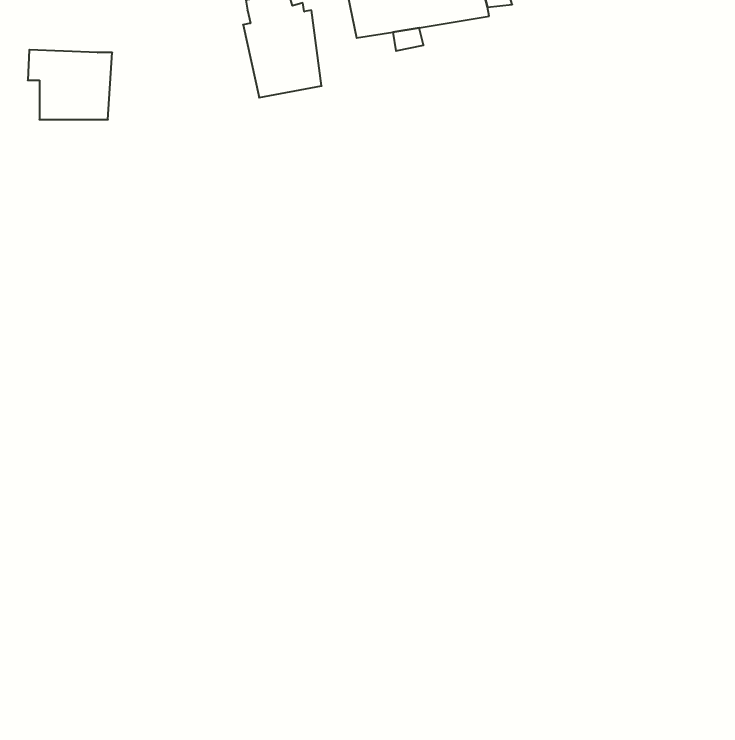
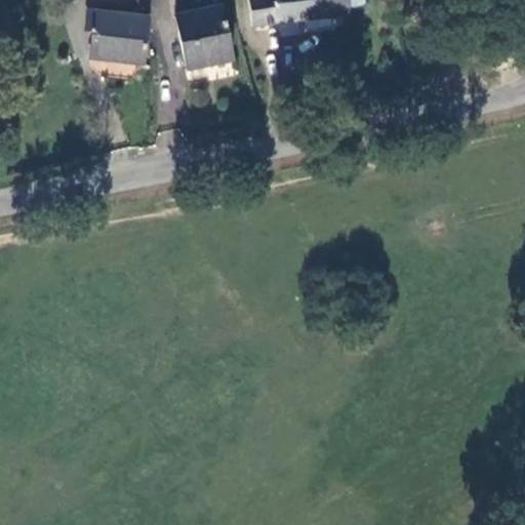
building: [28,50,112,120] -> [89,10,149,59]

